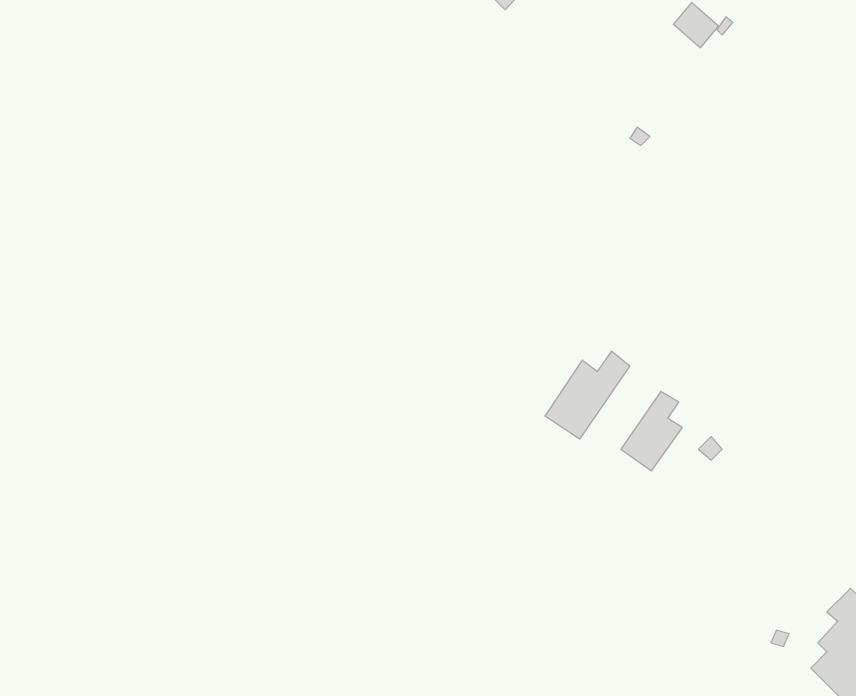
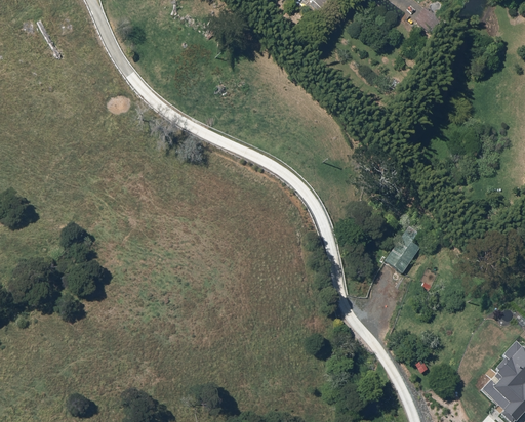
building: [545,351,630,439] -> none

